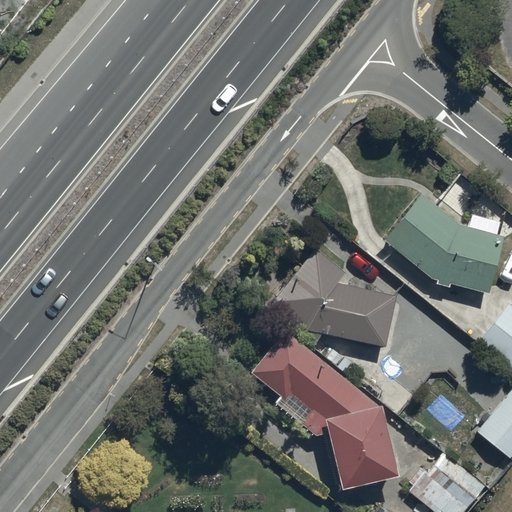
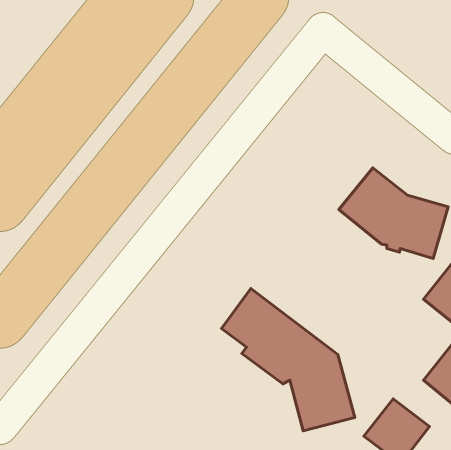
building: [271,247,399,348] -> none

